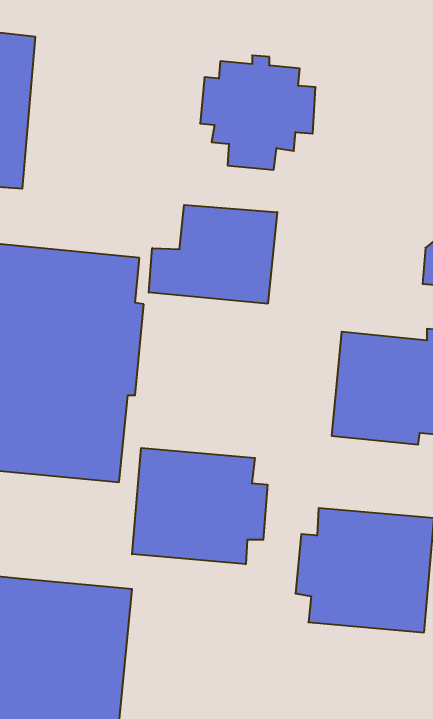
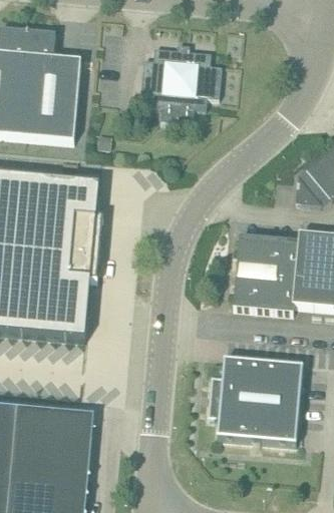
building: none -> [18,29,81,139]
building: [149,205,277,304] -> none
building: [132,448,267,564] -> none

